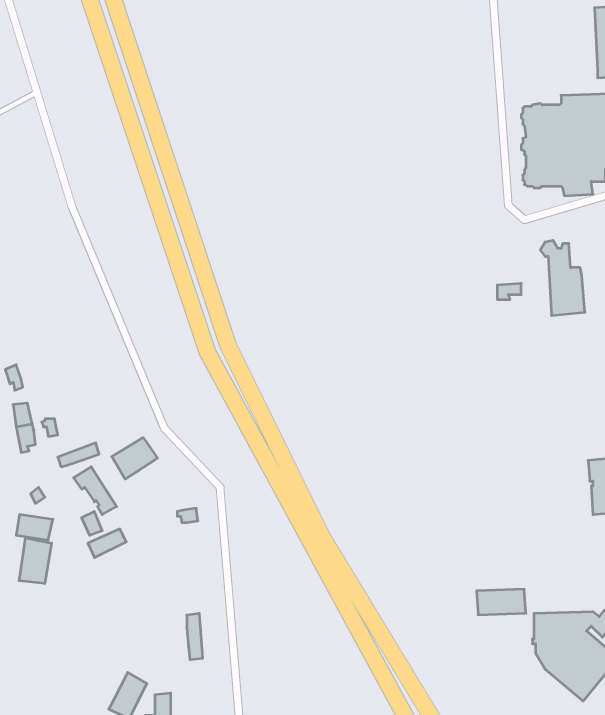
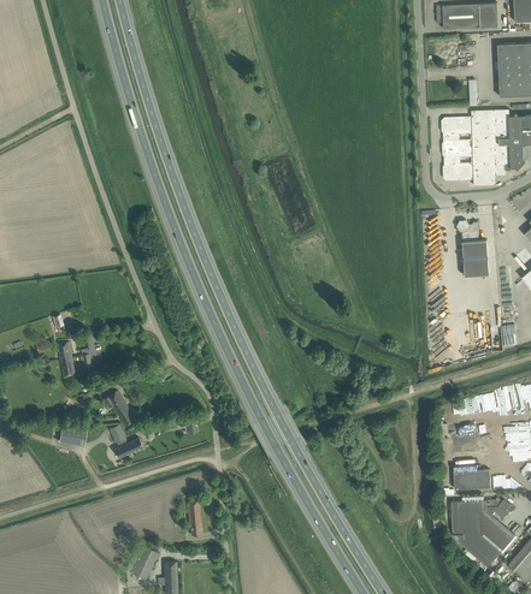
building: [112,438,157,479] -> none
building: [19,538,52,584] -> none
building: [477,589,526,615] -> [454,470,491,489]

